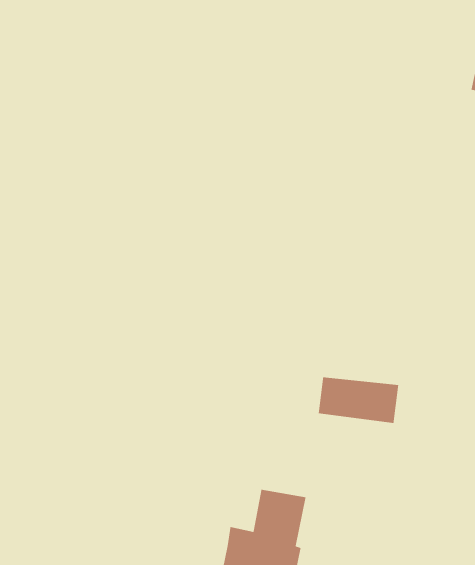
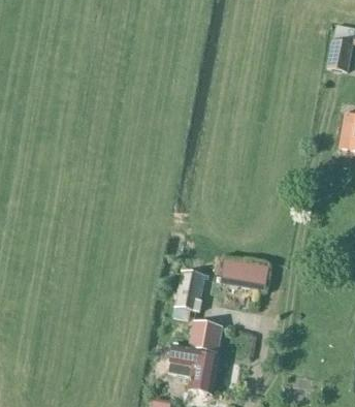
building: none -> [178,271,207,311]

